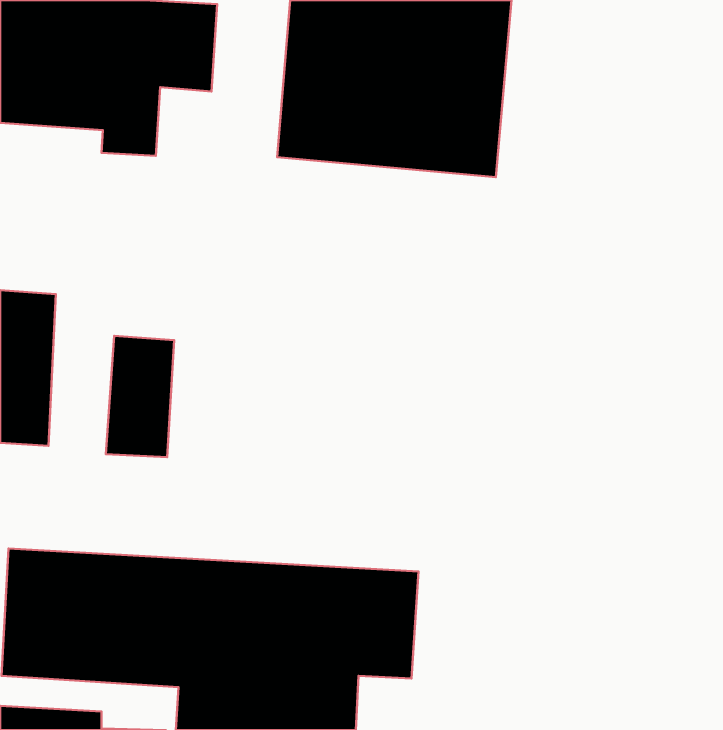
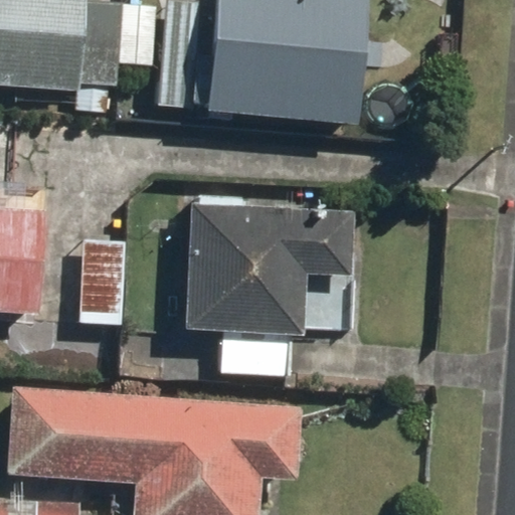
building: none -> [183,201,353,374]

